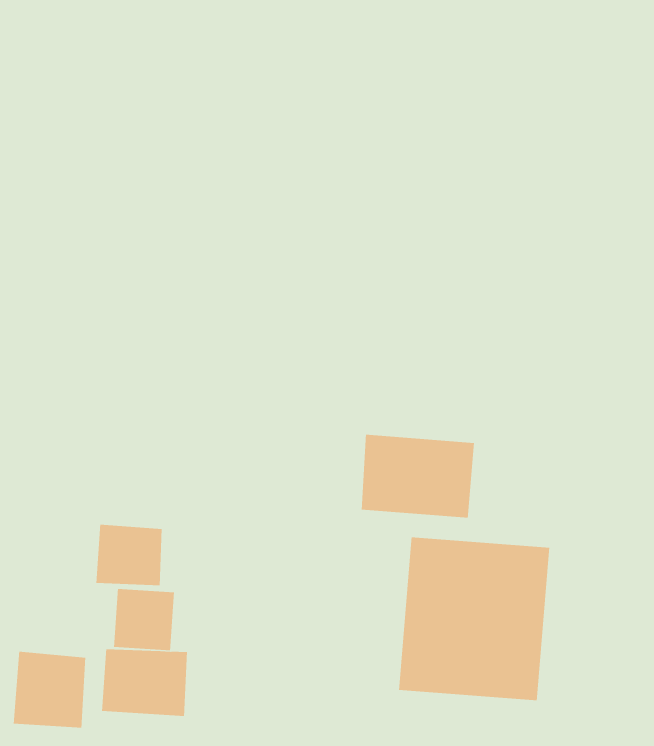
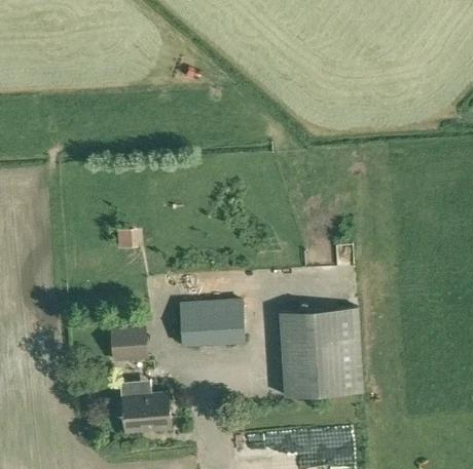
building: [361,434,475,519] -> [179,300,242,345]
building: [13,651,86,729] -> none

